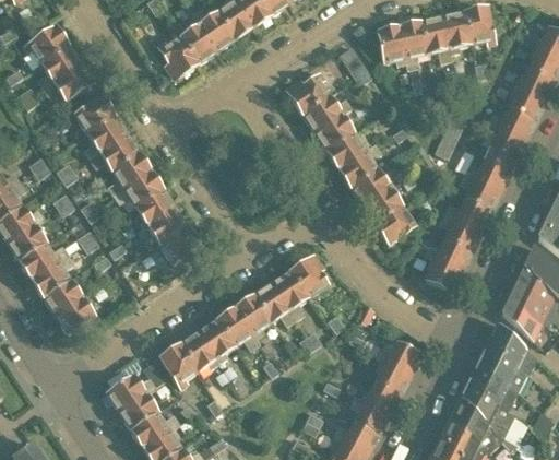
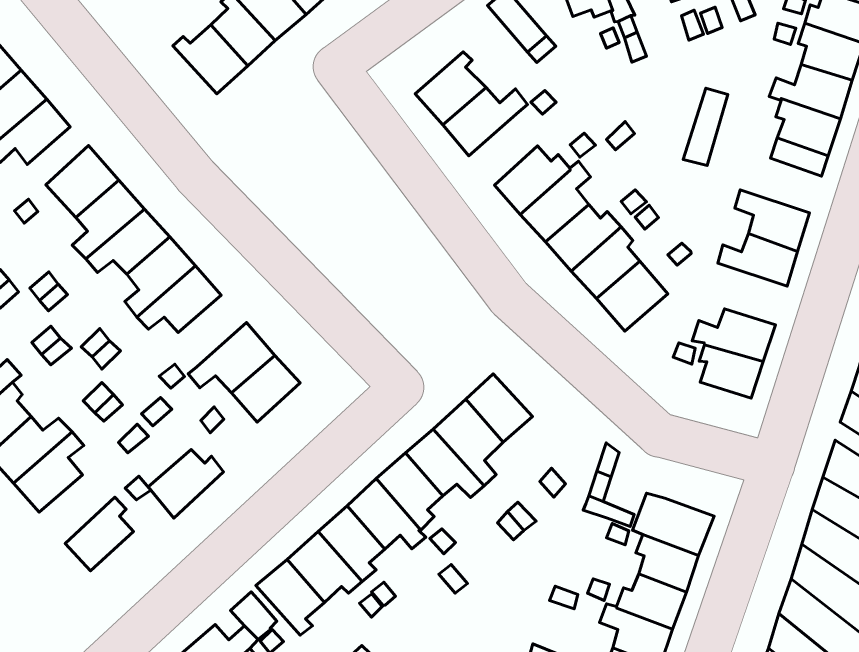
building: [314,111,354,151] -> none
building: [464,158,511,192] -> none
building: [136,190,176,228] -> none
building: [440,213,483,252] -> none
building: [44,280,87,317] -> [148,449,224,518]

